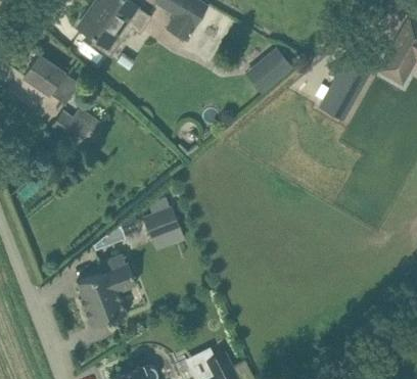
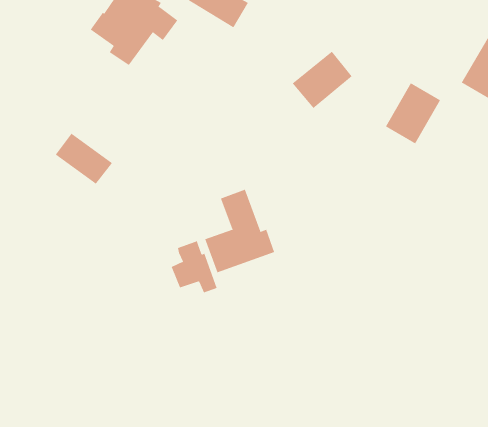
building: [24,55,80,104] -> none
building: none -> [205,189,275,273]
building: [78,254,136,327] -> none

